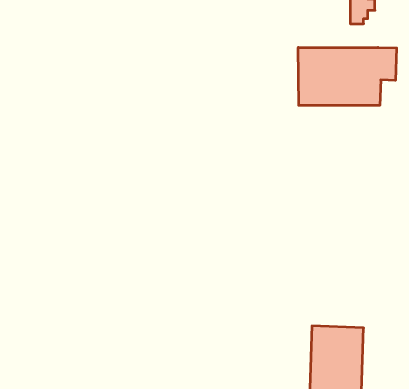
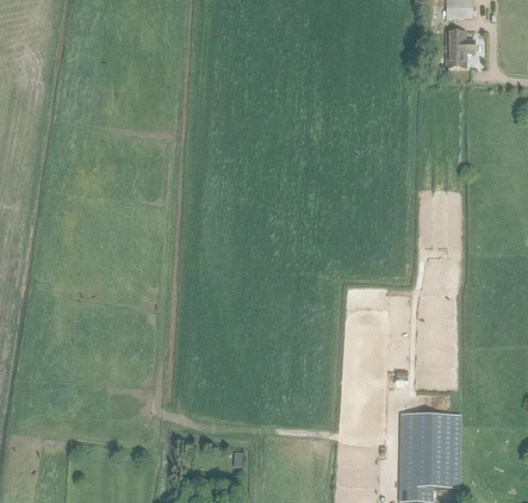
building: [298,47,397,105] -> none

